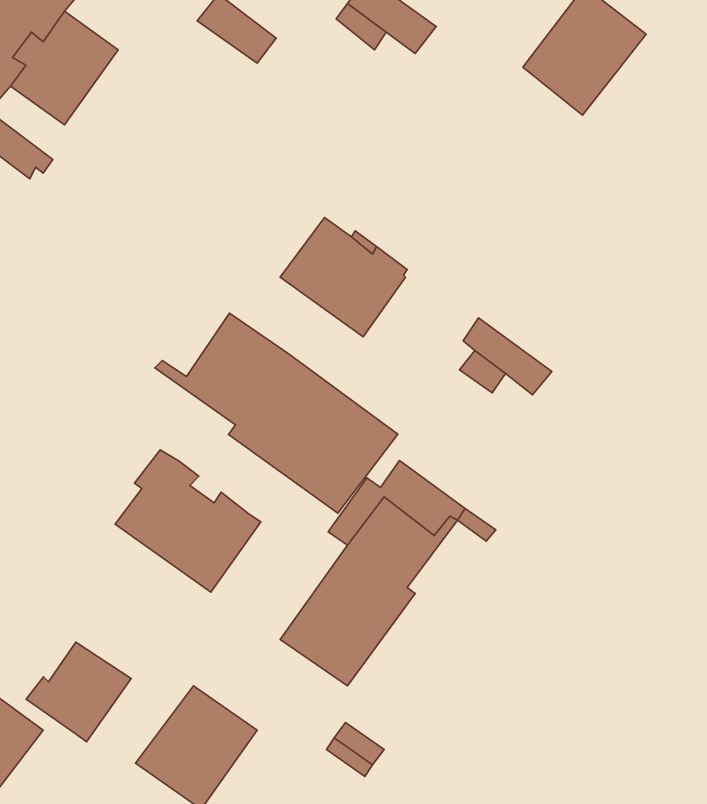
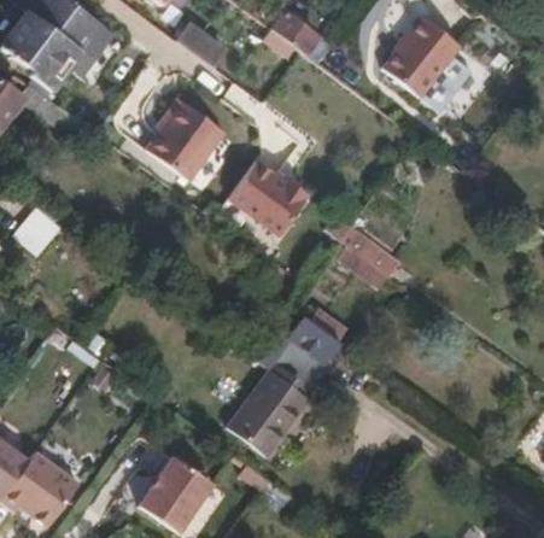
building: none -> [146,98,224,179]
building: [155,313,398,513] -> none
building: [115,450,261,592] -> none
building: [26,642,131,742] -> none

